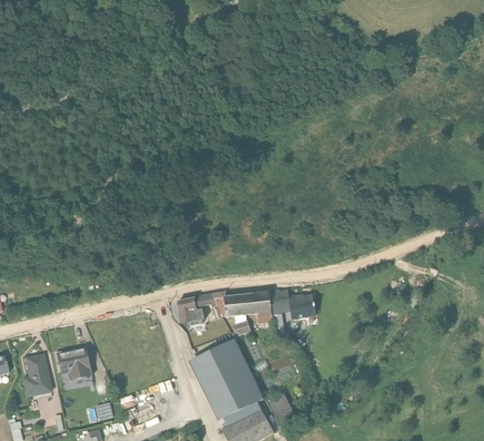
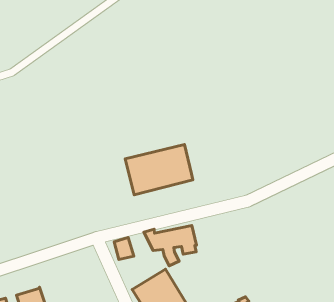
building: none -> [125,144,193,195]
building: [269,288,316,321] -> none

